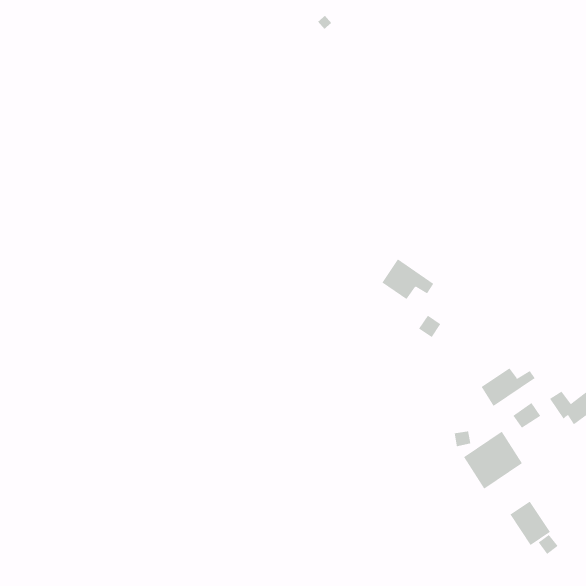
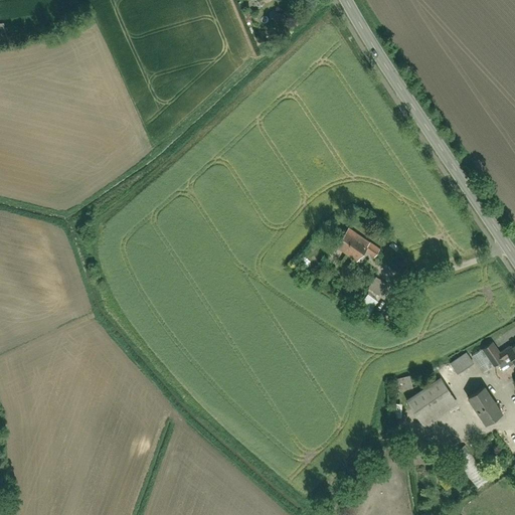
building: [481,367,535,407] -> none
building: [509,501,551,546] -> [467,387,503,426]

